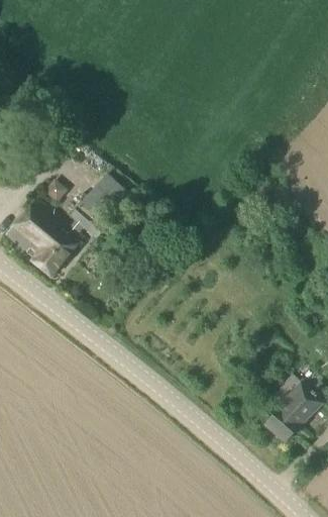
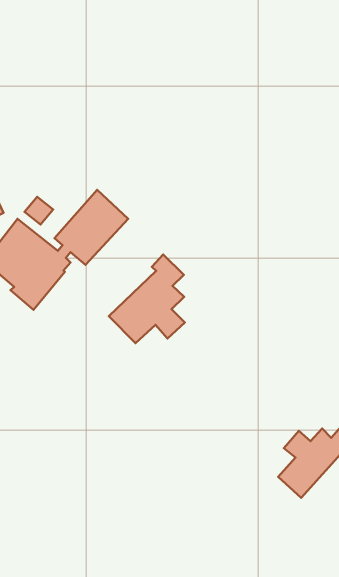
building: none -> [109,254,185,343]

